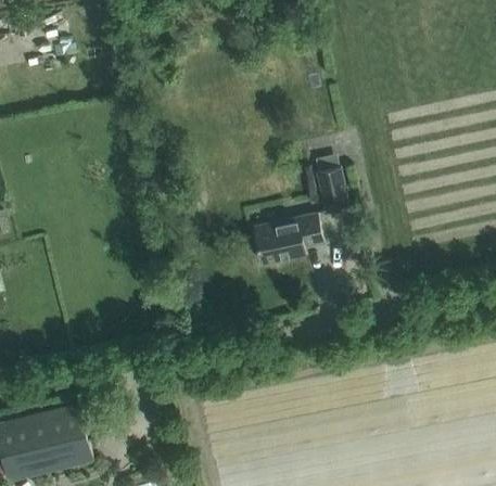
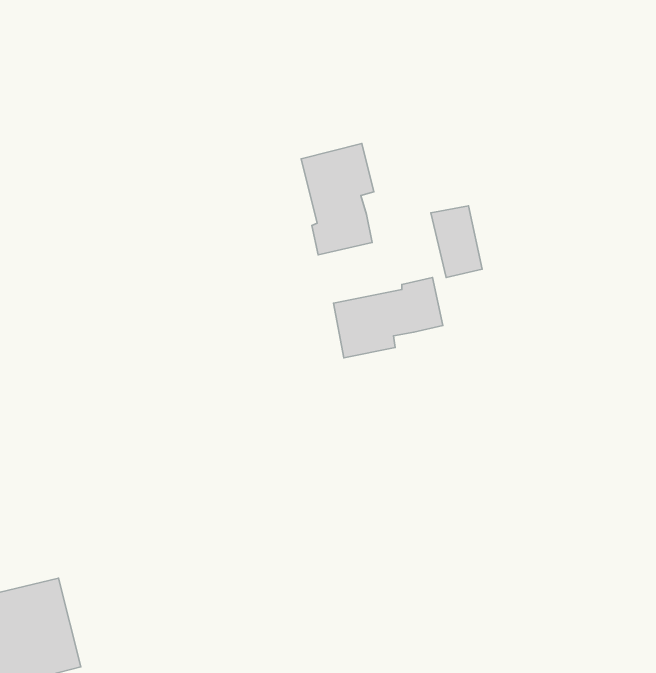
building: none -> [301,144,374,255]

